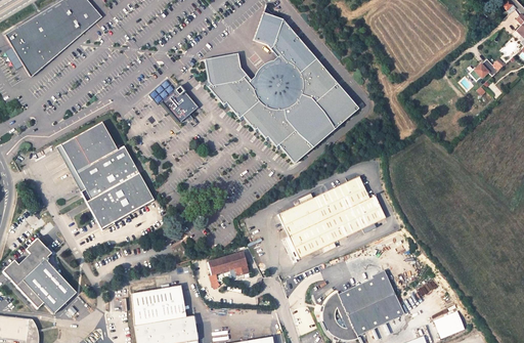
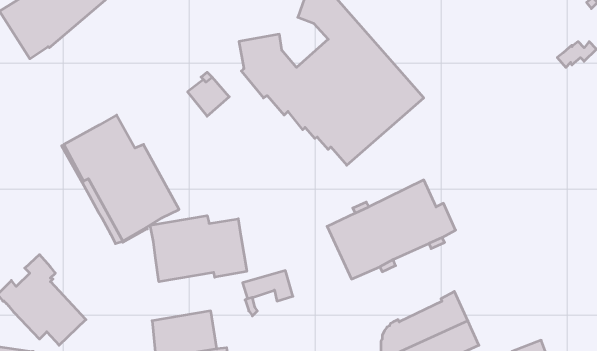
building: none -> [150,216,247,282]

